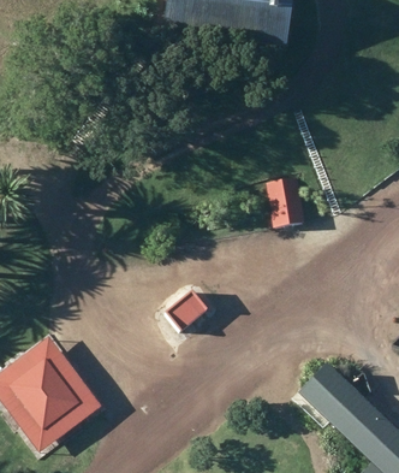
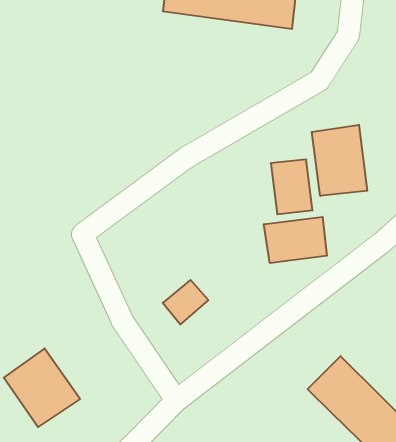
building: none -> [312,125,367,196]
building: none -> [264,217,327,263]

